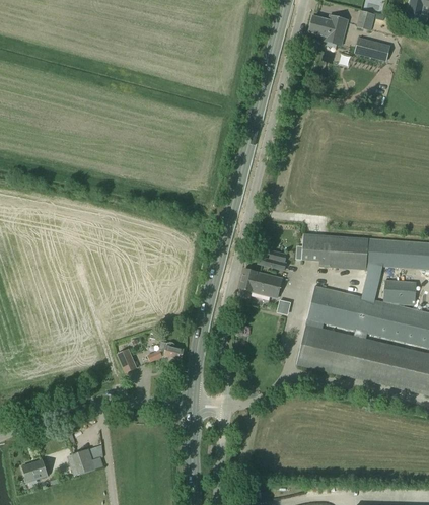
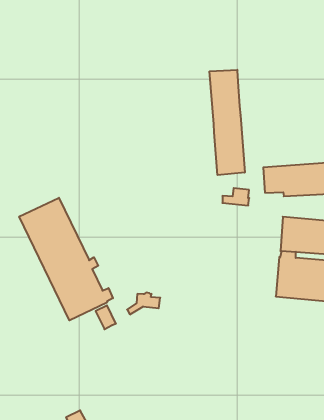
building: none -> [210,70,245,175]
building: none -> [19,198,113,320]
building: [240,268,283,297] -> none

